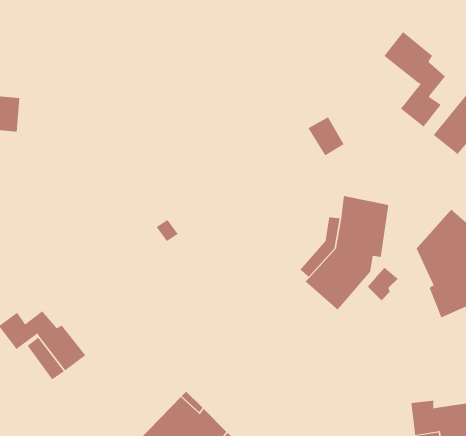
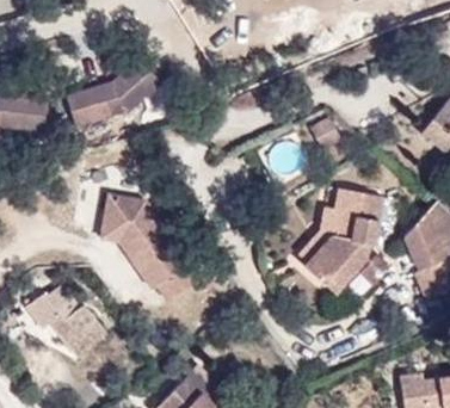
building: [384,31,446,128] -> none
building: none -> [64,58,160,125]
building: none -> [99,196,197,301]

